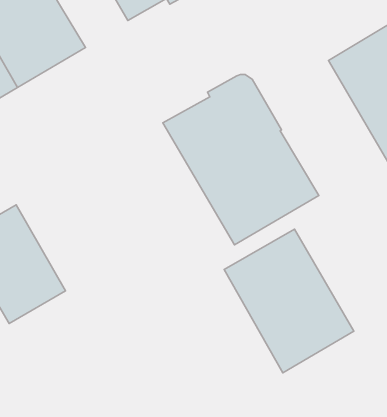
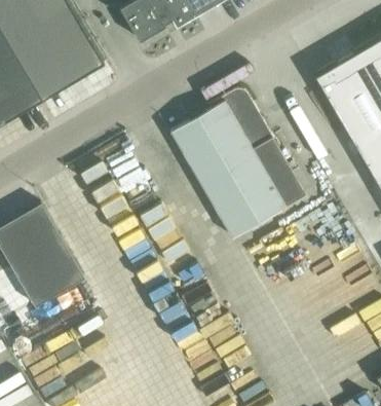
building: [224,229,354,373] -> none

